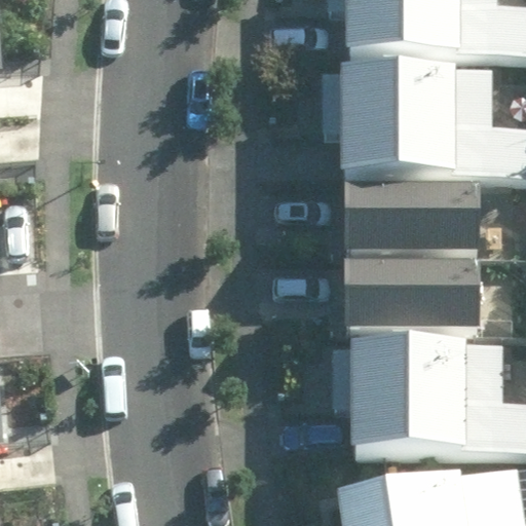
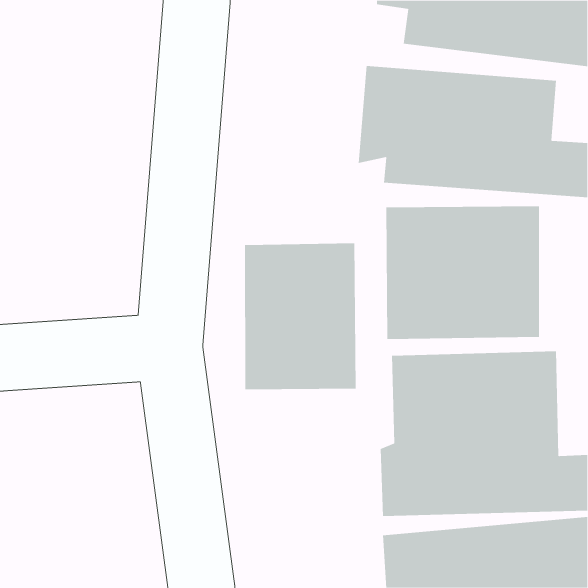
building: none -> [244,243,356,390]

